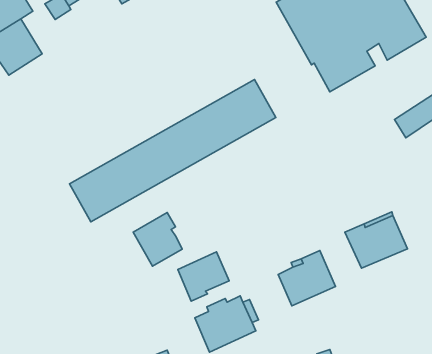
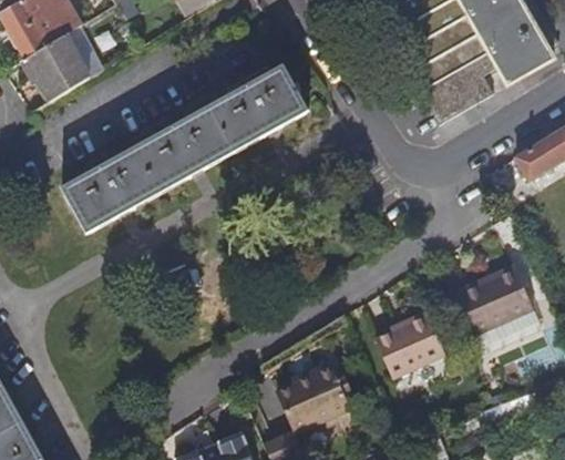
building: [69,79,276,222] -> [61,63,308,234]
building: [133,212,182,266] -> none
building: [178,252,229,301] -> none

